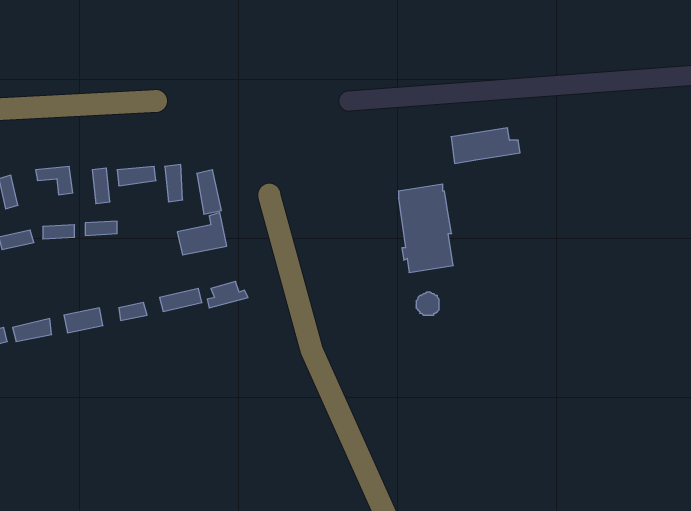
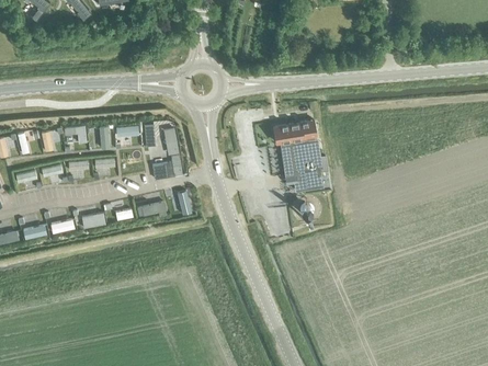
building: [451,128,520,163] -> [273,121,316,142]

